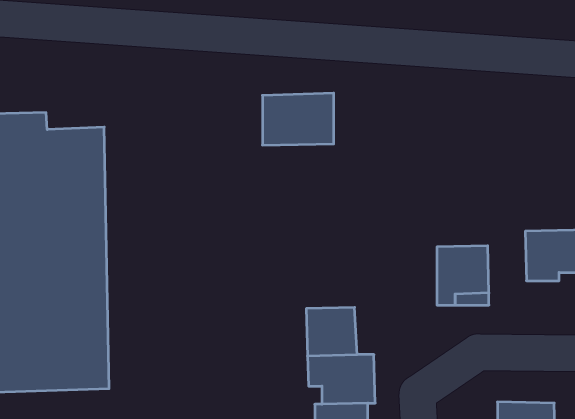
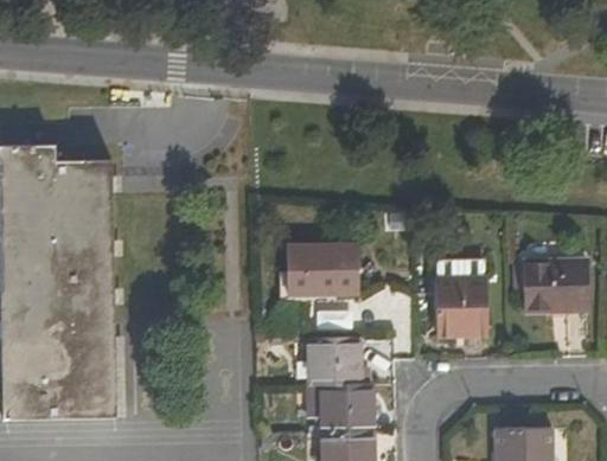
building: [262,93,334,145] -> [287,243,357,294]

